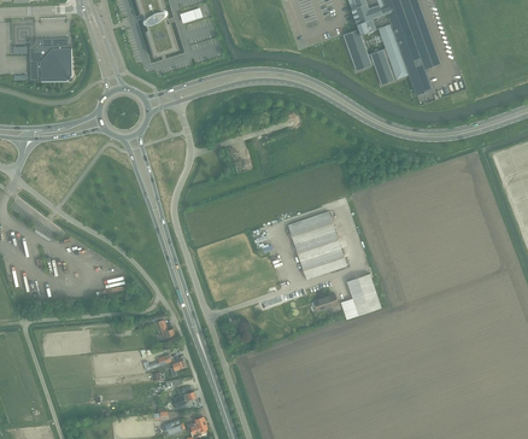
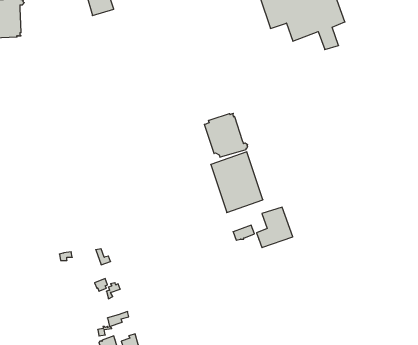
building: none -> [204,113,247,157]

